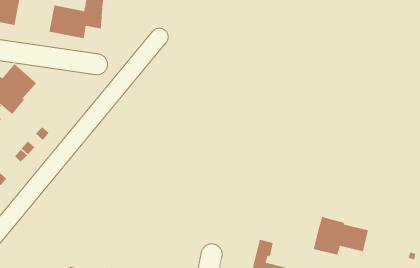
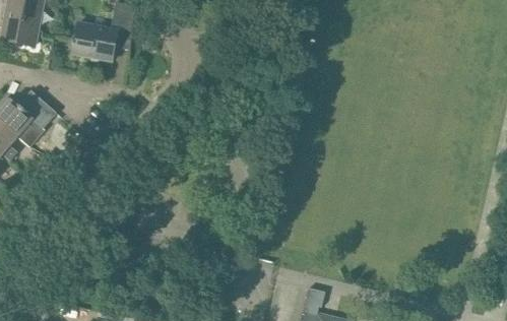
building: [313,216,369,256] -> none

